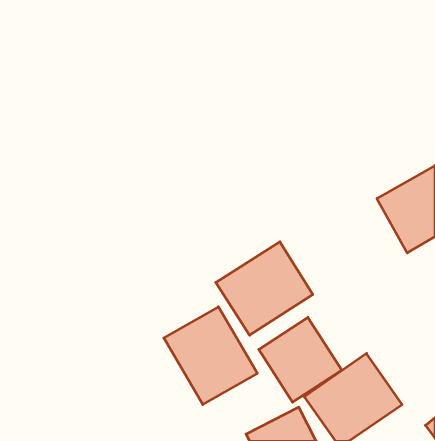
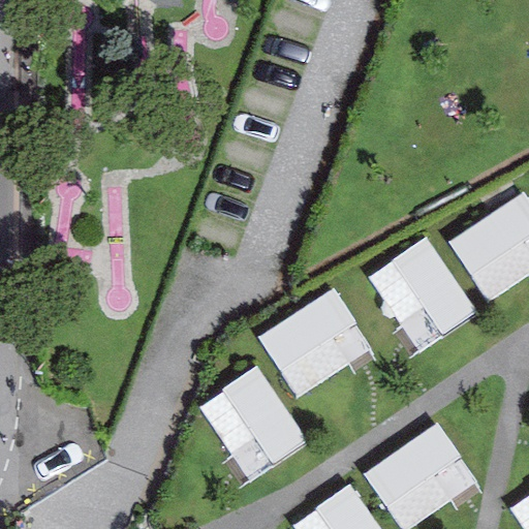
building: none -> [366,236,478,352]
building: [259,317,342,402] -> none

